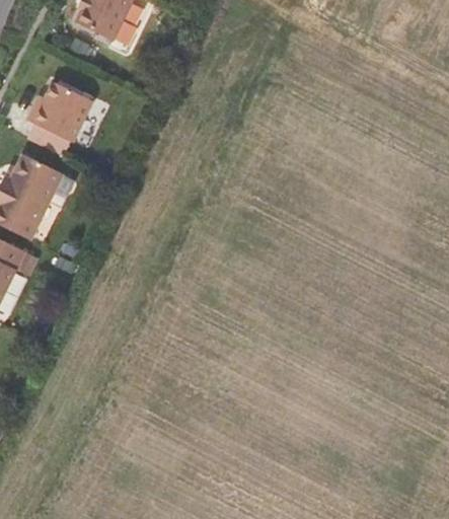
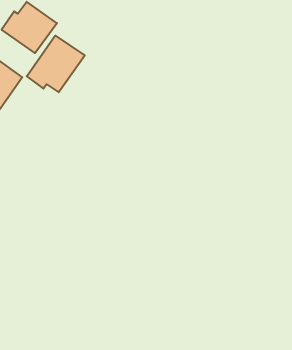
building: none -> [27,36,85,92]

